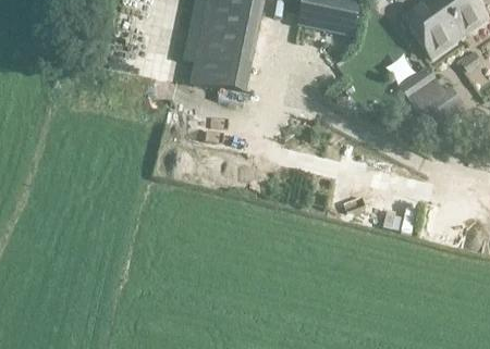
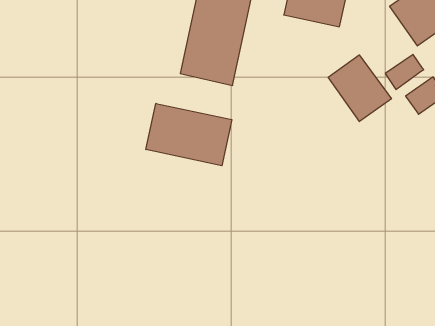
building: none -> [328,55,391,122]
building: none -> [146,103,232,166]

